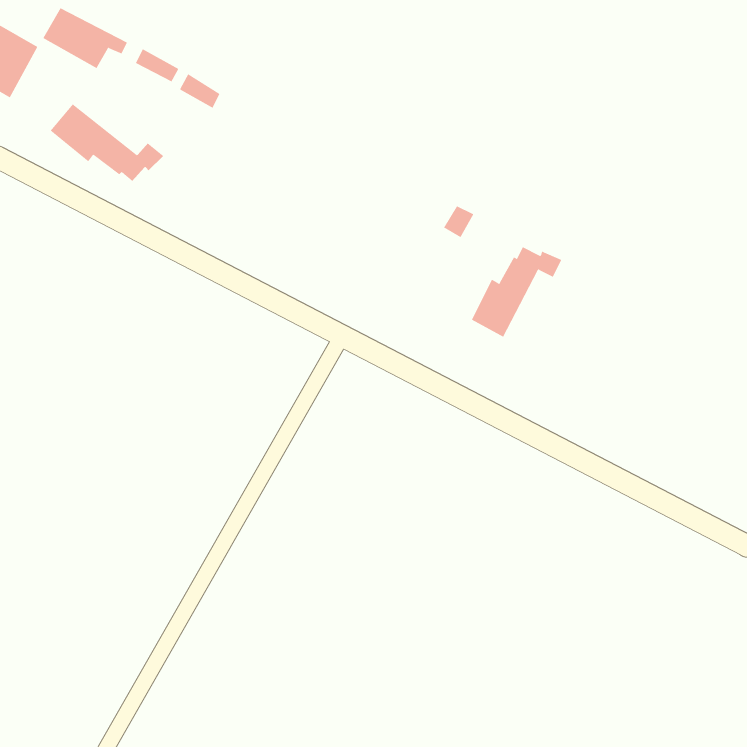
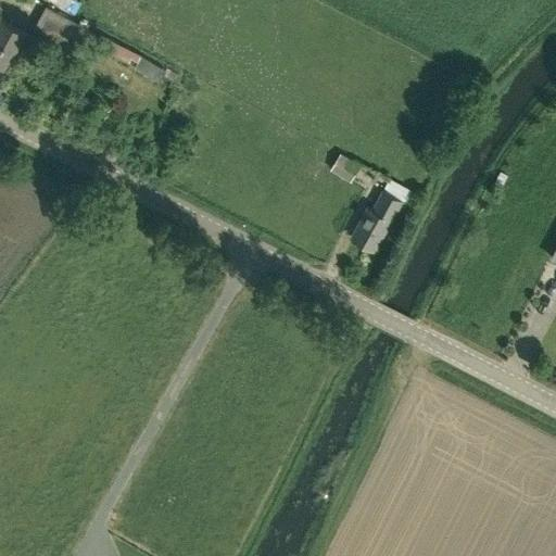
building: [50,103,164,182] -> none

